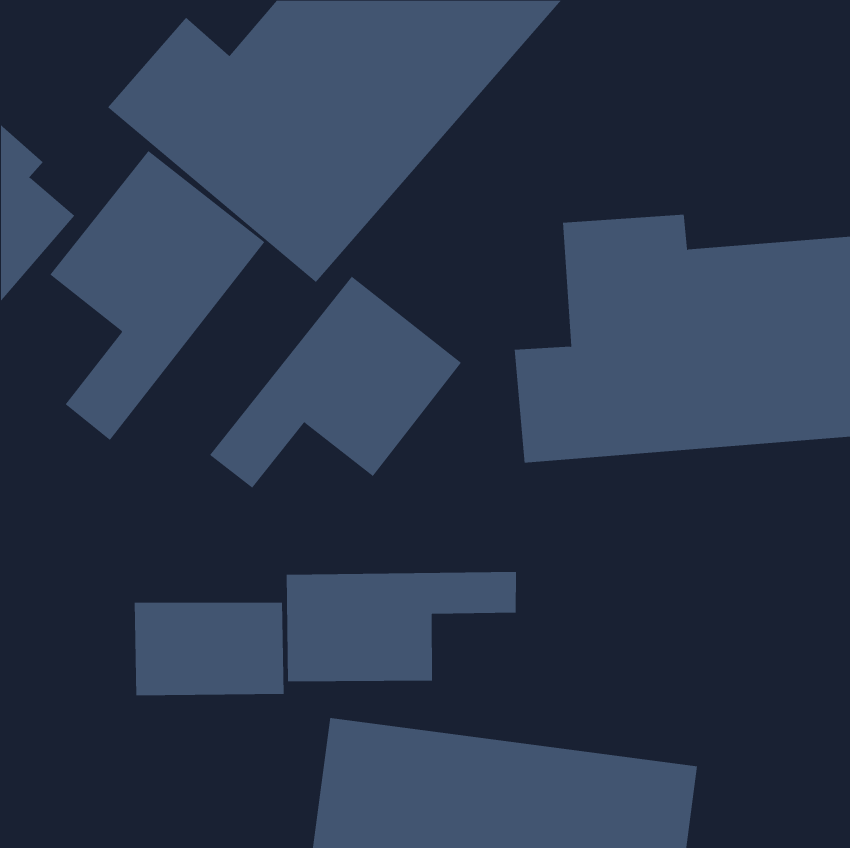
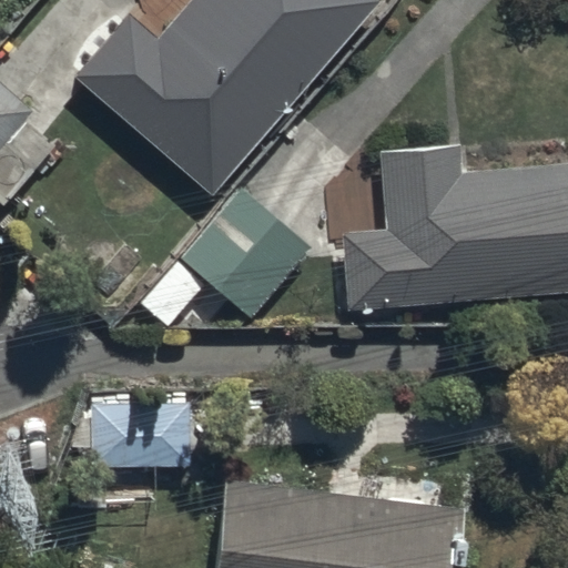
building: [49,150,265,441] -> none
building: [286,571,516,682] -> none

